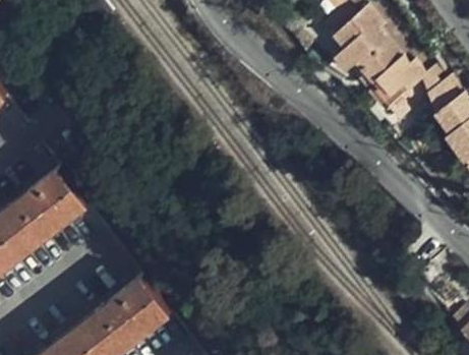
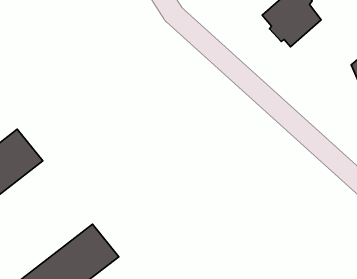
building: [362,48,427,110] -> none

